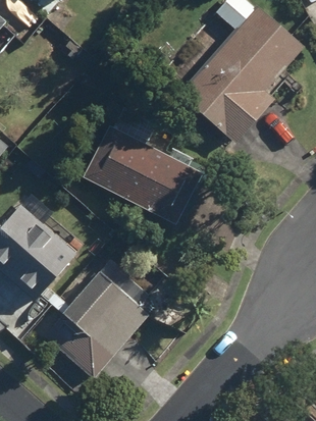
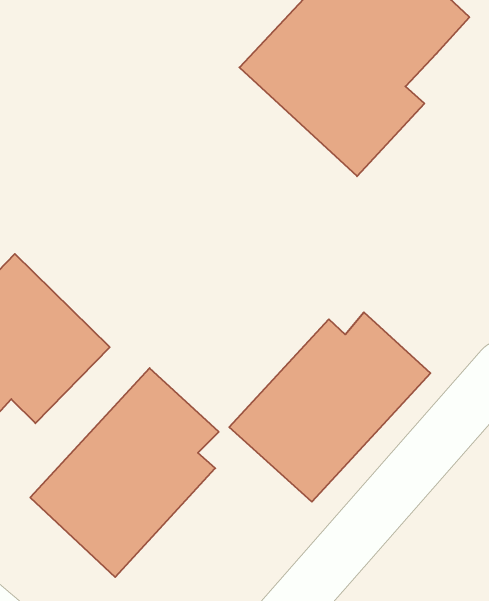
building: [78,102,202,229] -> none
building: none -> [229,312,430,502]

